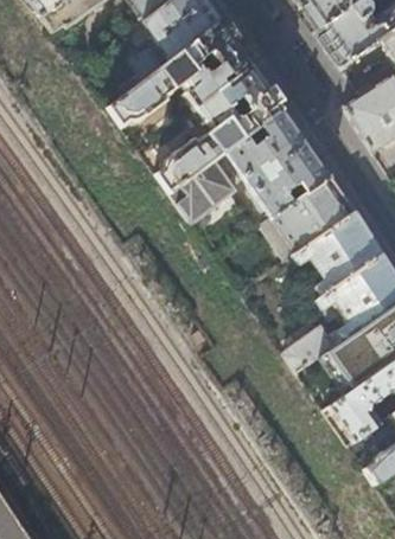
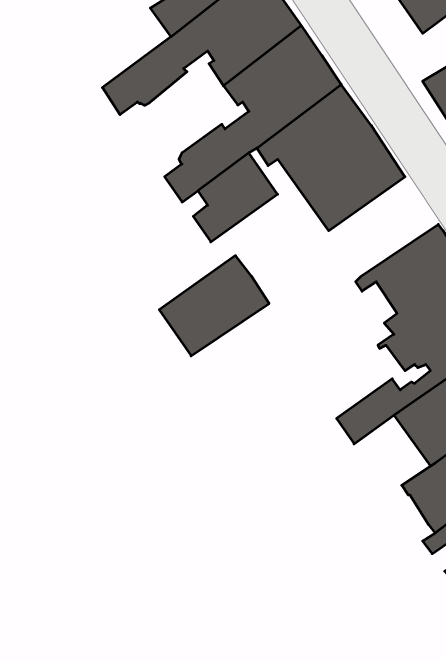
building: [274,174,356,249] -> [159,256,269,356]

